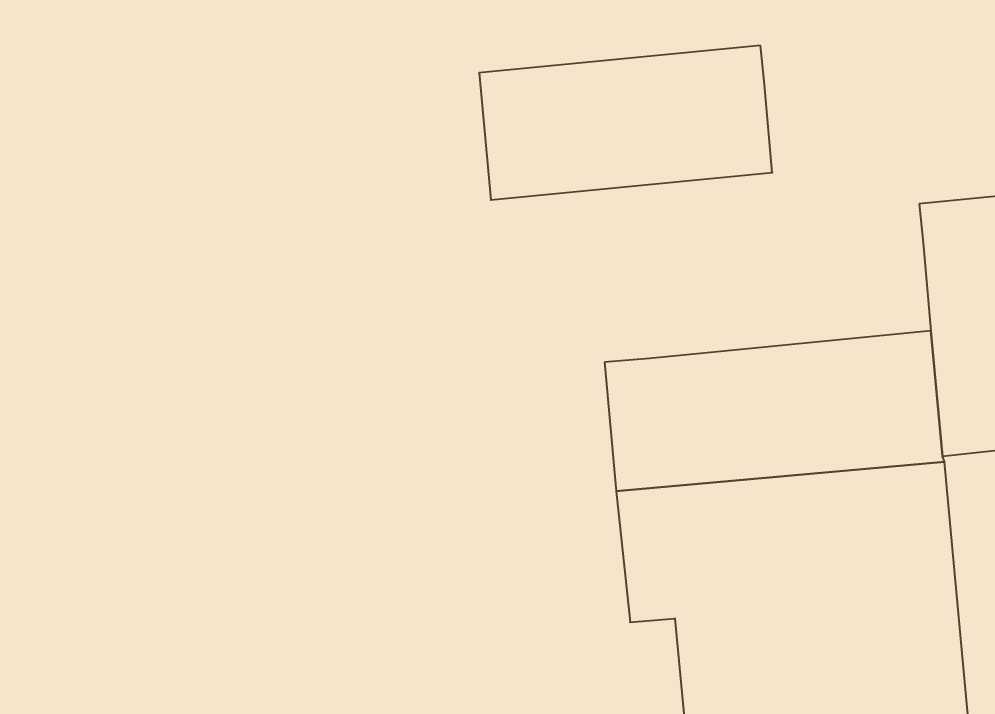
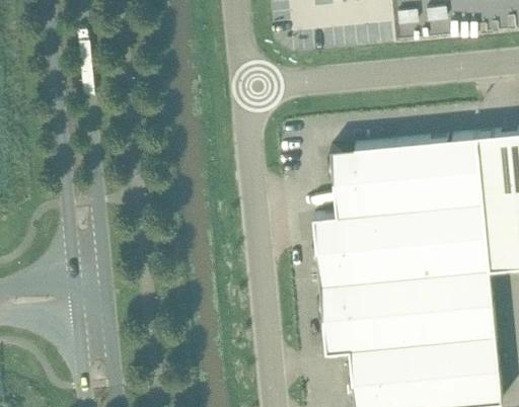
building: [479,46,772,200] -> [331,139,484,219]

